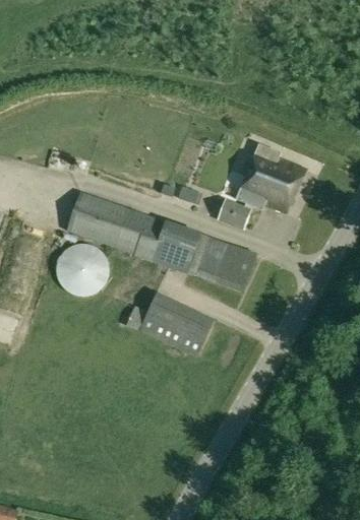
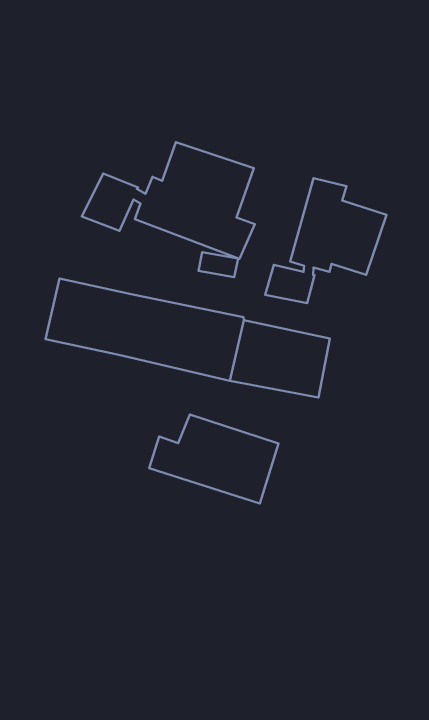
building: none -> [82,142,255,259]
building: [56,243,108,295] -> none

